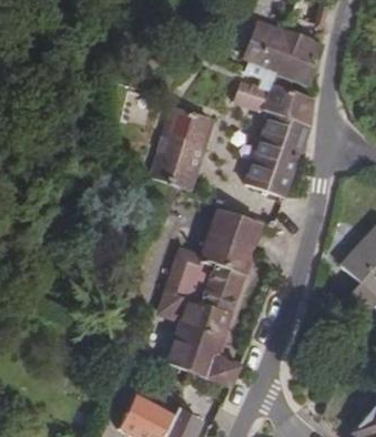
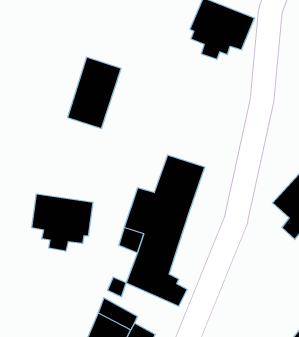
building: [234,82,313,197] -> none
building: [150,106,213,191] -> [68,57,121,129]
building: none -> [32,194,93,251]

